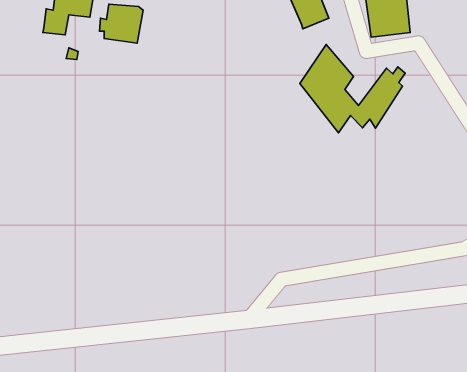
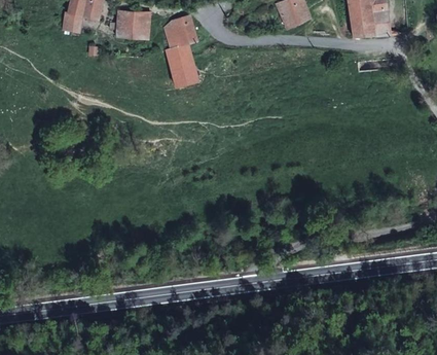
building: none -> [166,16,198,87]
building: [300,45,405,133] -> none

